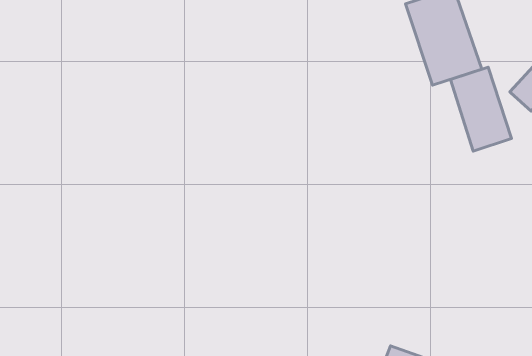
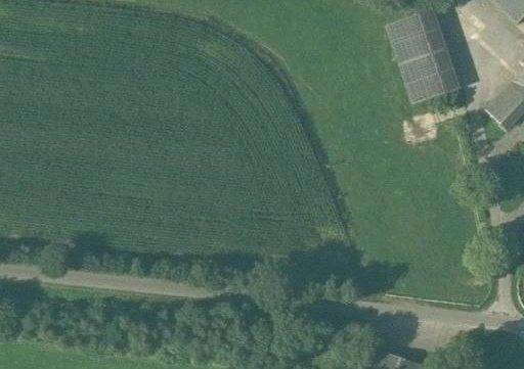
building: [451,67,512,151] -> none

